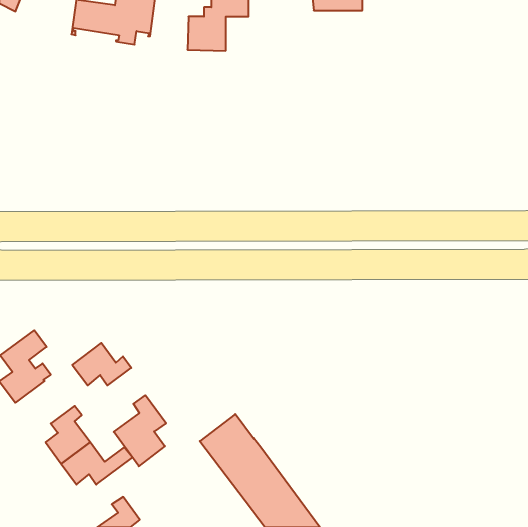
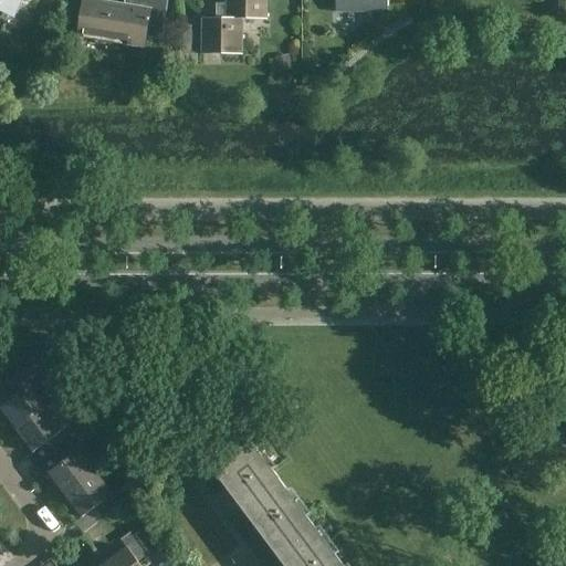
building: [72,343,131,385] -> [17,407,80,452]
building: [114,395,166,466] -> none

